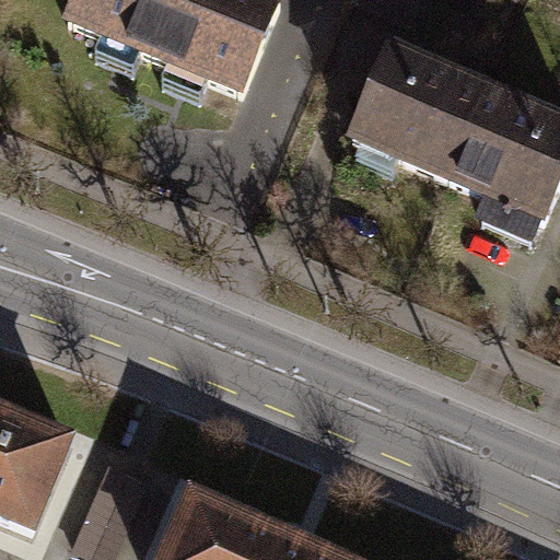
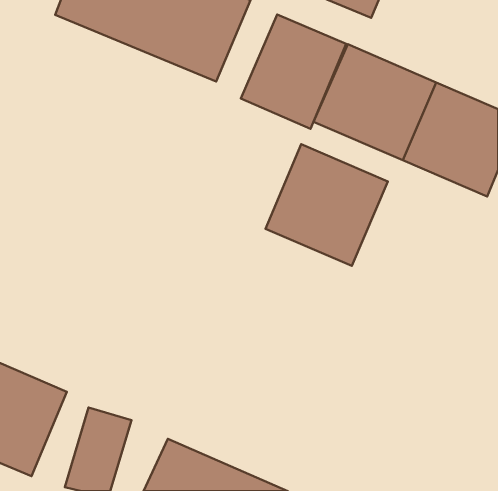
building: none -> [241,14,346,129]
building: none -> [266,144,388,266]

